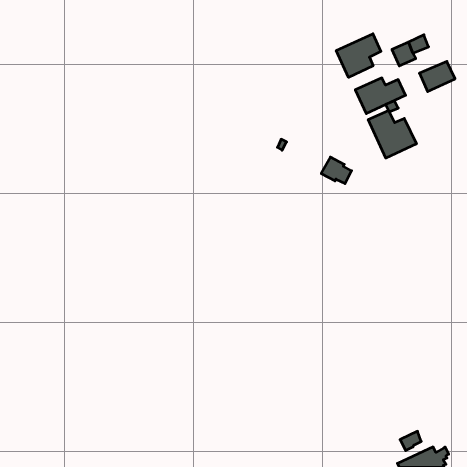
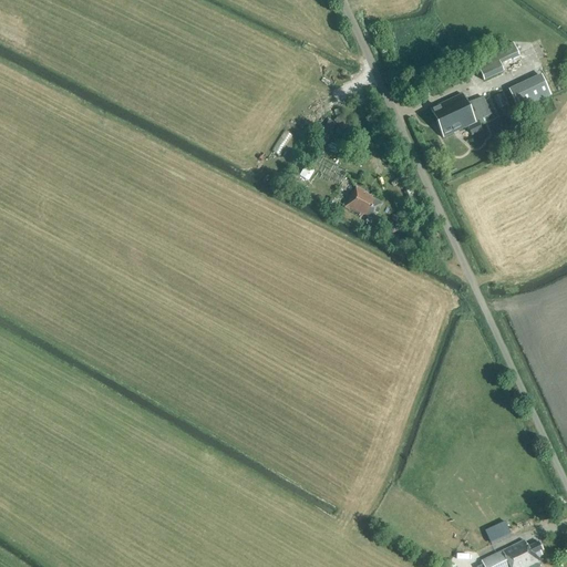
building: [336,34,381,77] -> none
building: [368,110,416,158] -> none
building: [321,157,352,184] -> [346,187,382,219]

